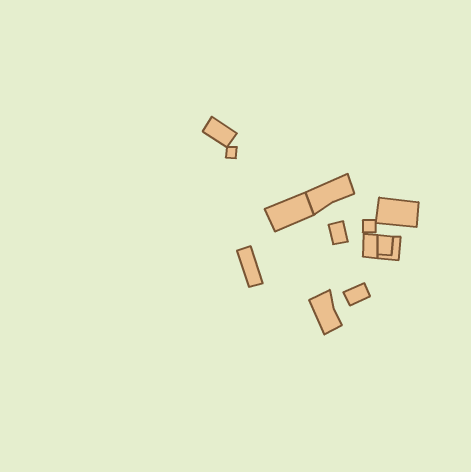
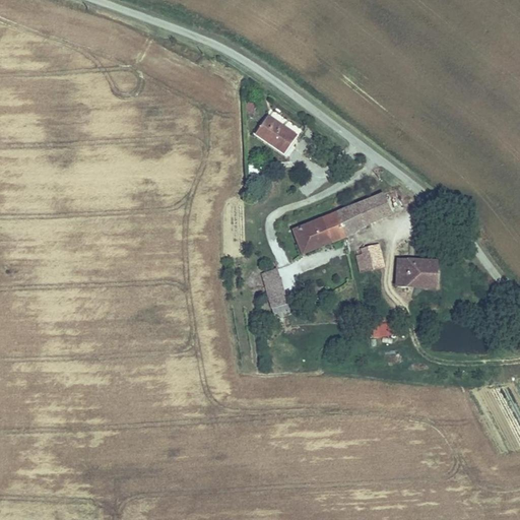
building: [203,117,237,147] -> [258,120,296,153]
building: [376,197,418,227] -> none
building: [309,290,342,335] -> none

